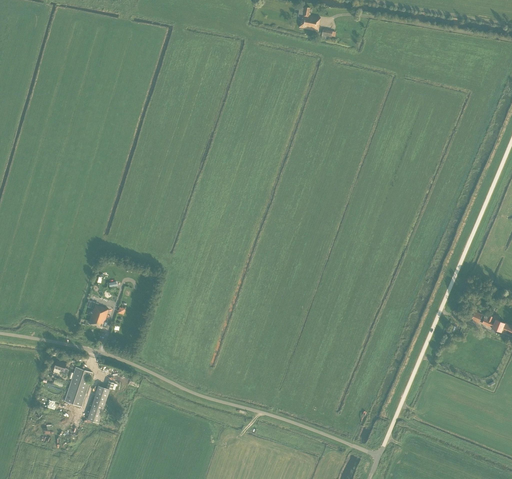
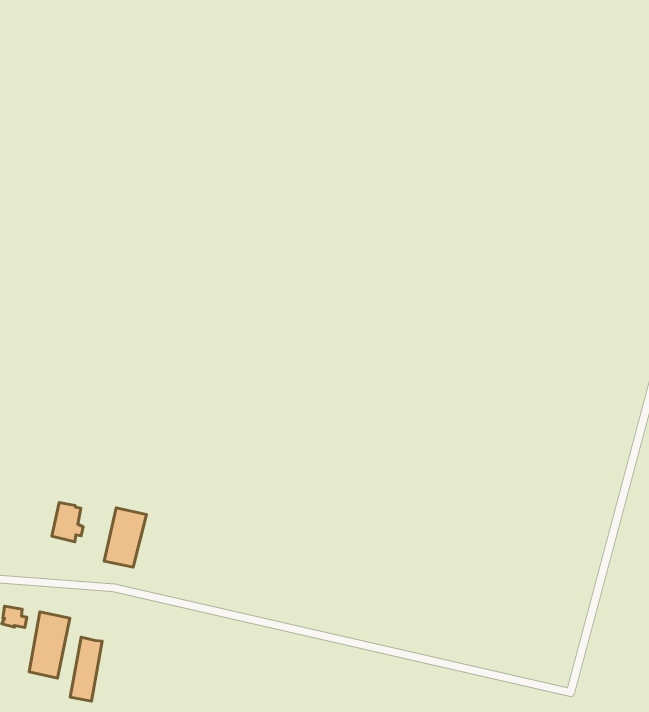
building: none -> [104,508,146,567]

